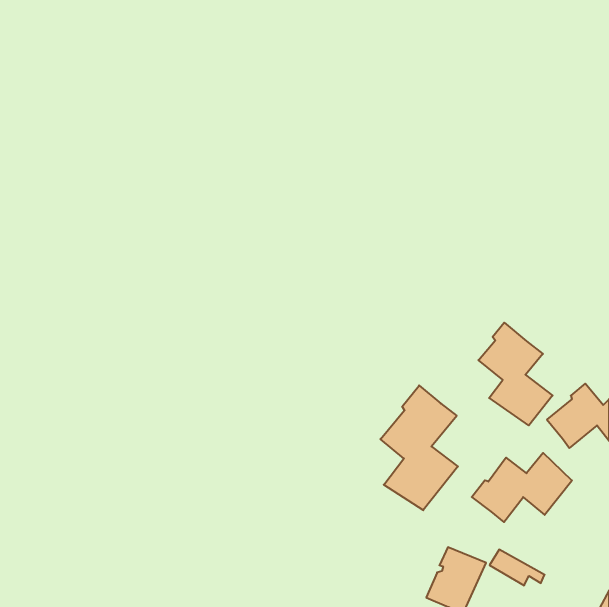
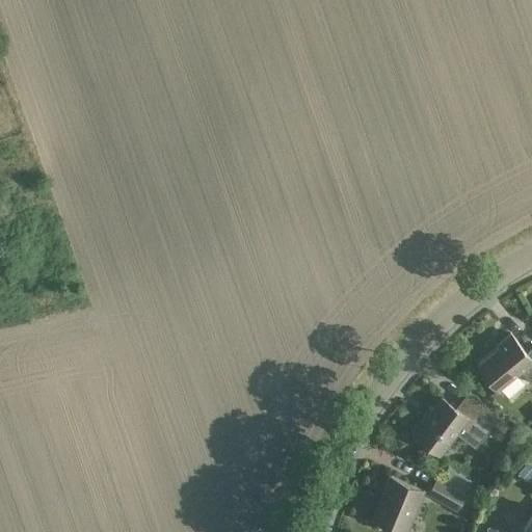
building: [478,323,553,425] -> none
building: [380,385,458,510] -> none

